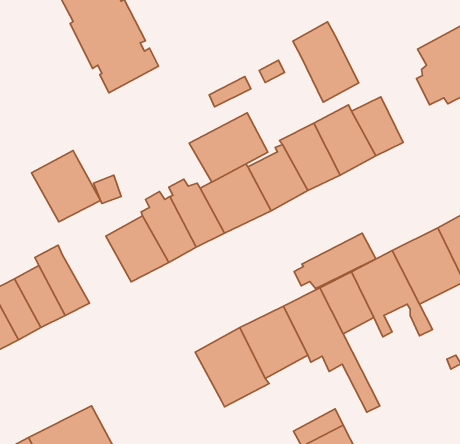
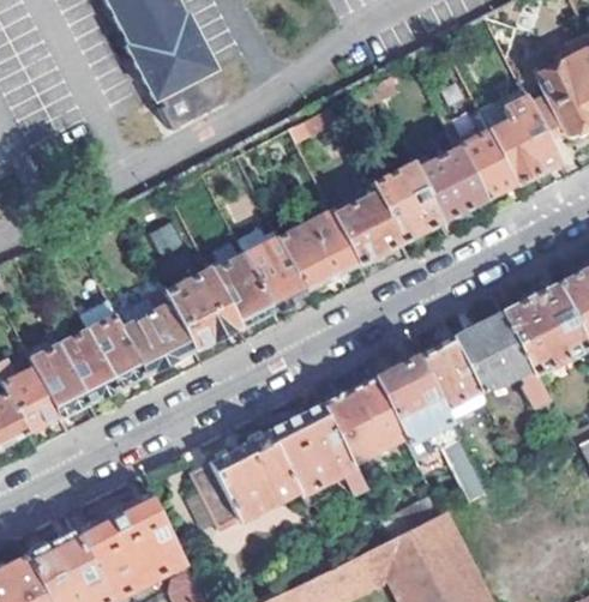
building: [293,22,359,102] -> [480,89,558,183]
building: [189,113,268,182] -> none
building: [31,151,100,222] -> [113,289,194,373]
building: [294,233,376,288] -> none
building: none -> [190,431,301,526]

